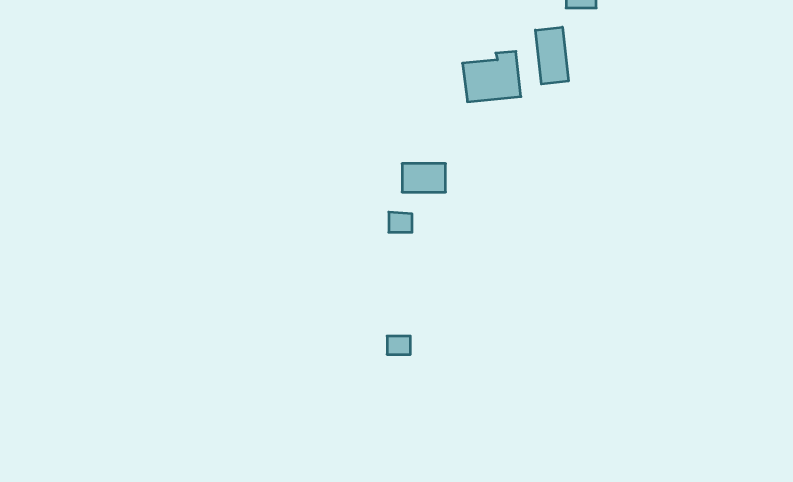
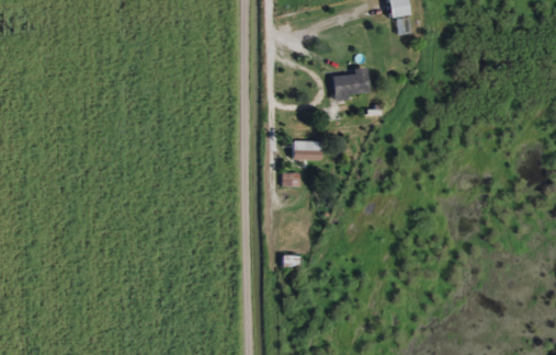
building: [535,27,568,84] -> none

